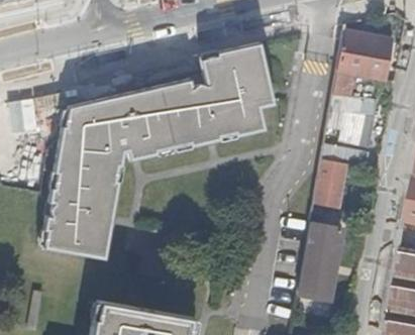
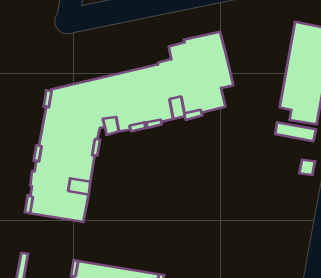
building: [313,161,345,207] -> none
building: [297,221,342,299] -> none

